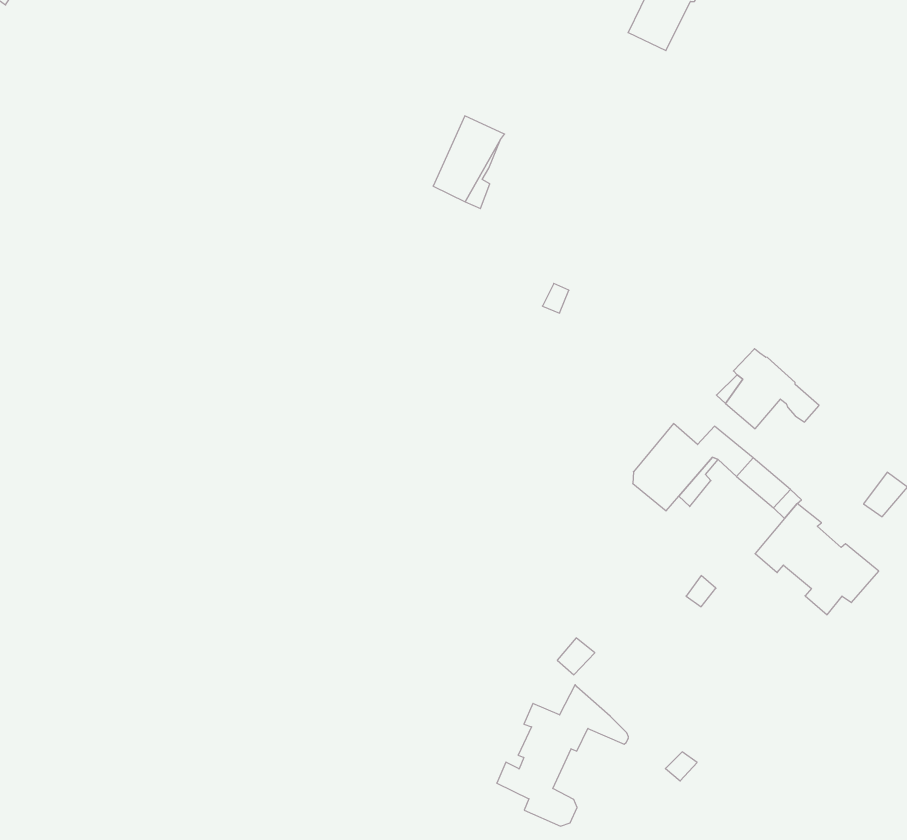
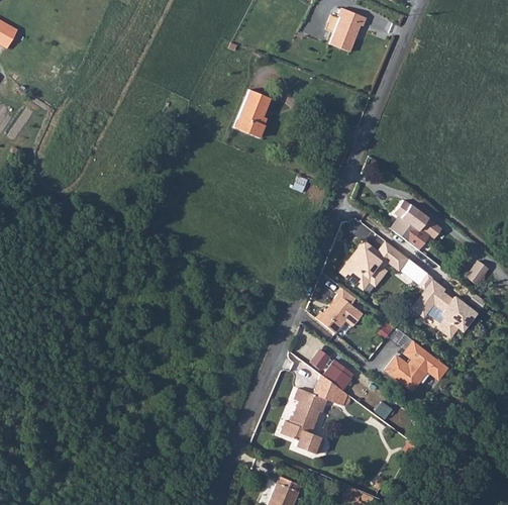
building: none -> [316,295,355,333]
building: none -> [387,341,448,391]
building: none -> [323,368,349,396]

